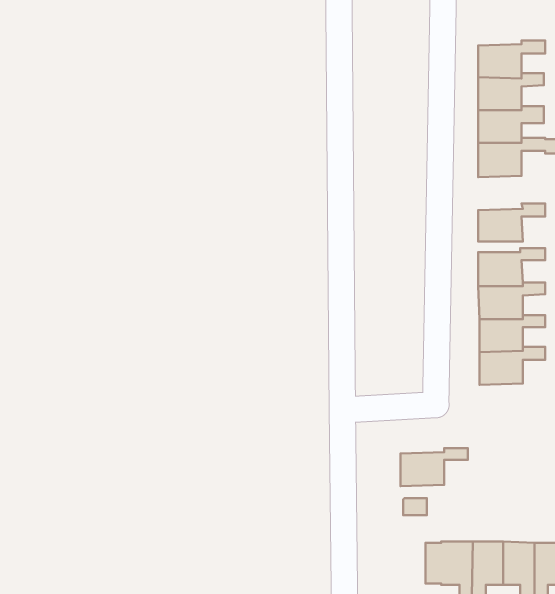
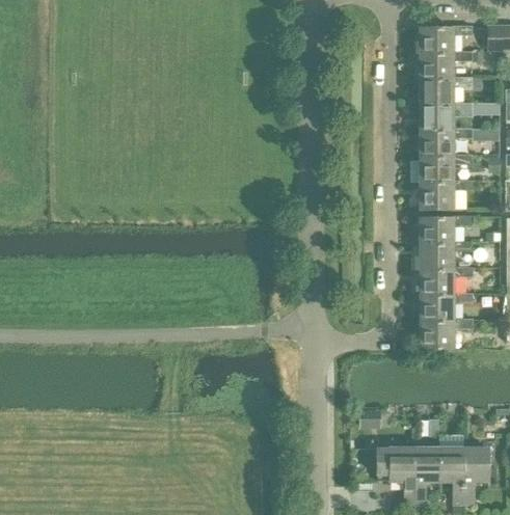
building: none -> [419,25,472,55]
building: none -> [419,154,471,185]
building: [401,448,468,486] -> [420,319,473,349]

